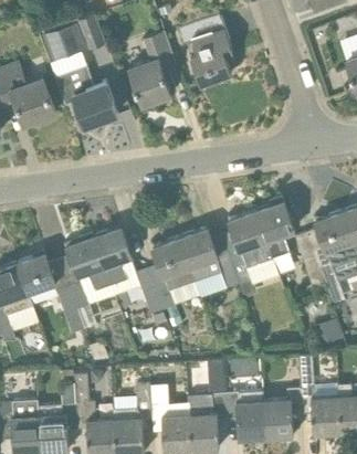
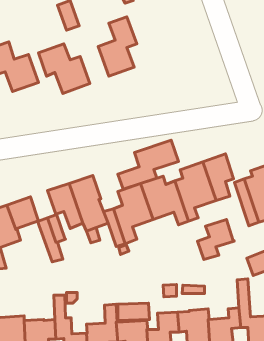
building: [181,19,233,86] -> none
building: [42,23,86,63] -> none
building: none -> [118,140,179,189]
building: none -> [197,219,234,259]

